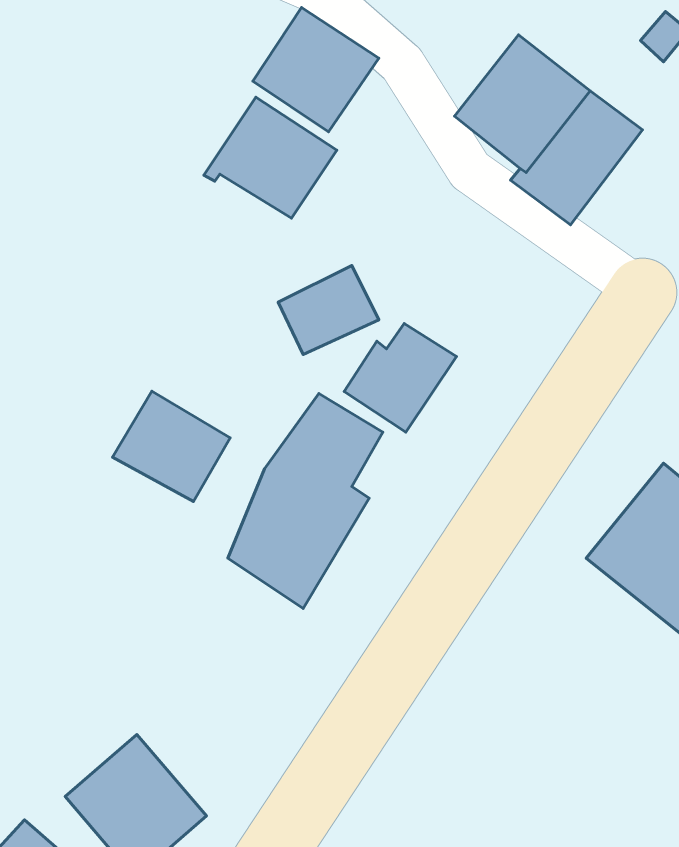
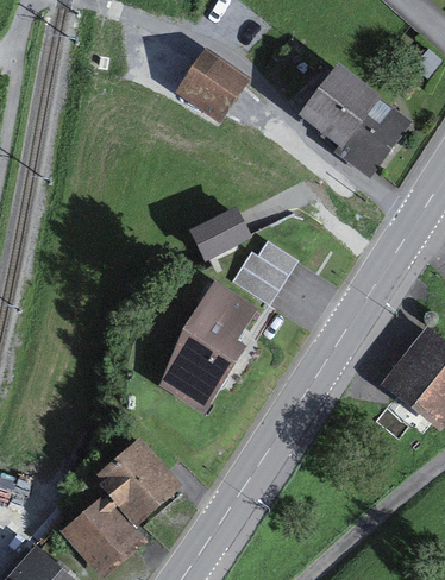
building: [204,97,337,218] -> none
building: [113,391,230,502] -> none
building: none -> [95,436,182,527]

